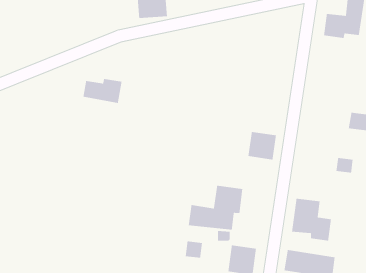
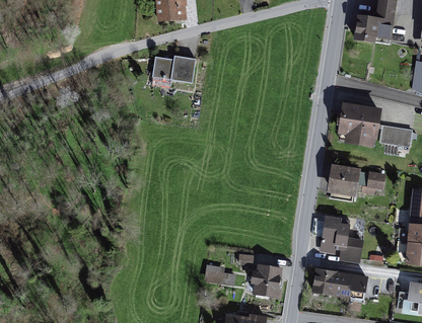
building: [83,78,122,104] -> [153,56,196,83]
building: none -> [342,103,381,148]
building: [248,131,277,160] -> [328,164,359,195]
building: [188,185,243,231] -> none

